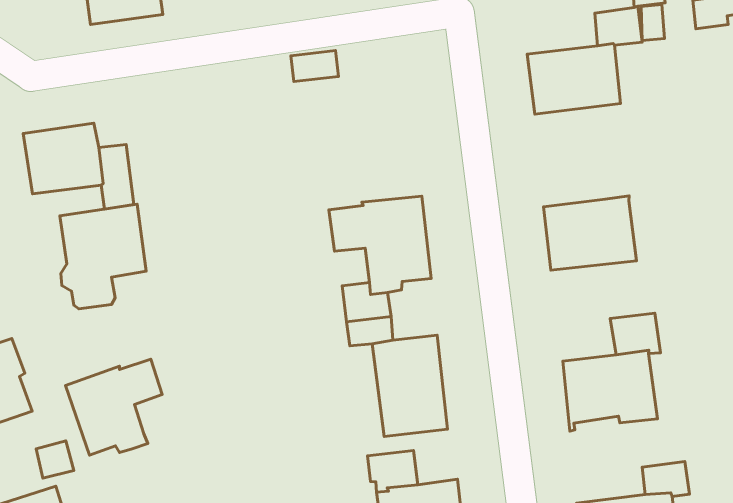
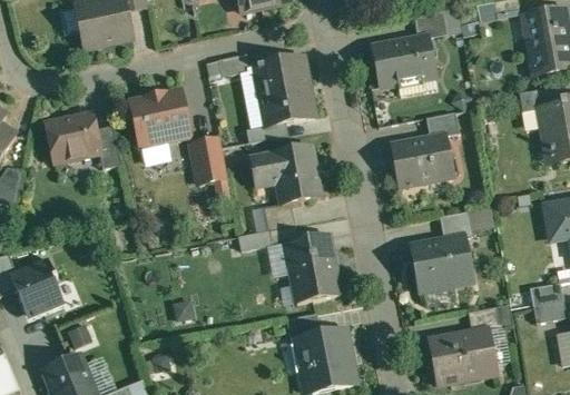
building: none -> [254,57,313,126]
building: none -> [426,112,460,139]
building: none -> [190,139,227,184]
building: [60,204,146,309] -> [130,91,189,162]
building: [66,359,162,455] -> none

